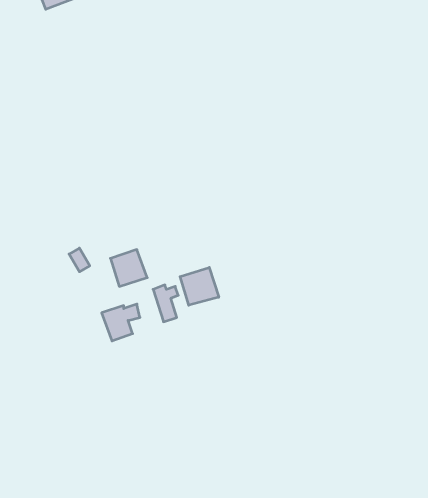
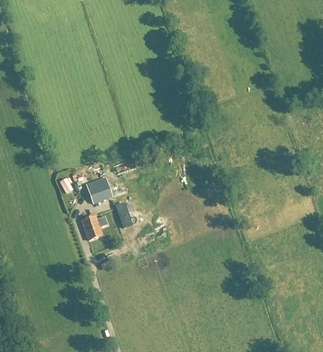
building: [180,267,219,305] -> none

